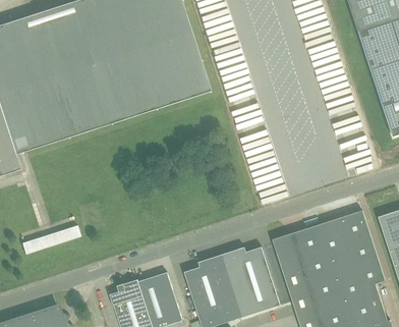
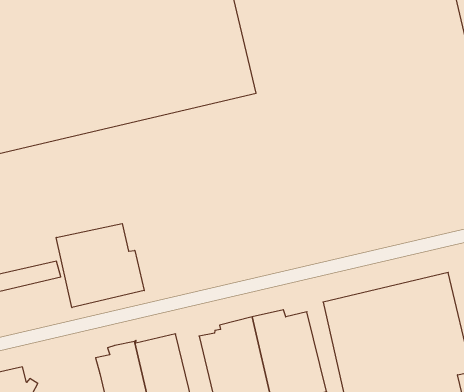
building: none -> [56,224,144,308]

